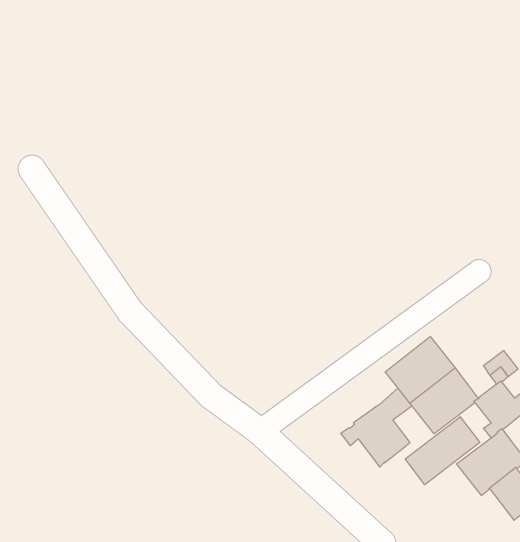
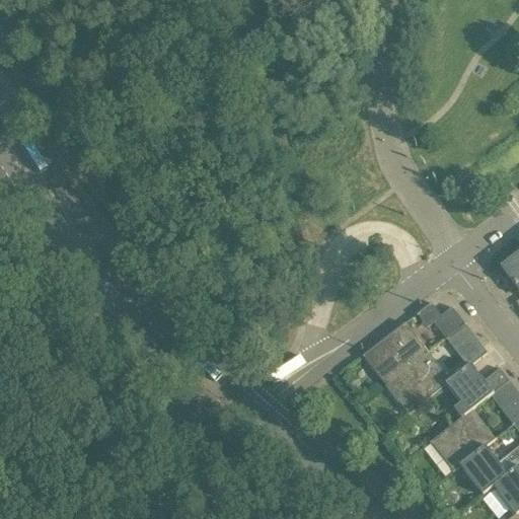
building: none -> [418,300,464,336]
building: [341,388,412,467] -> none
building: [405,417,480,485] -> none

